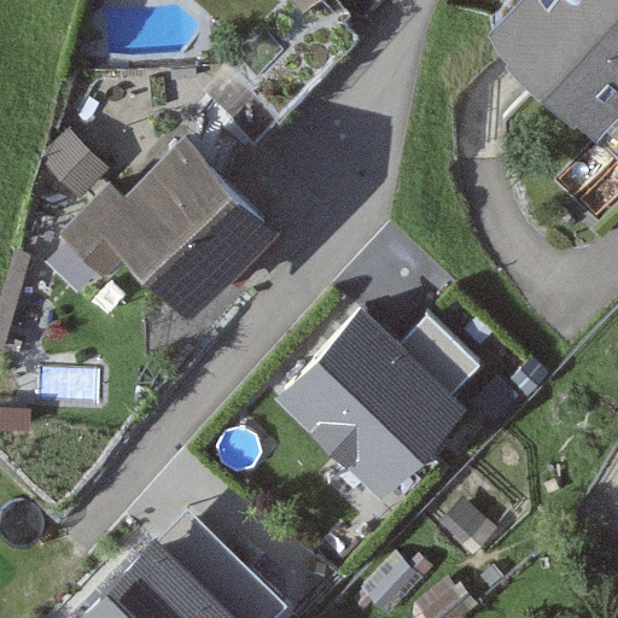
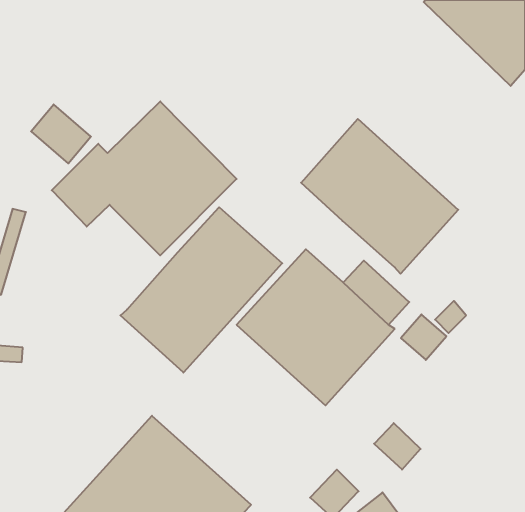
building: none -> [301,119,458,274]
building: none -> [120,207,282,373]

